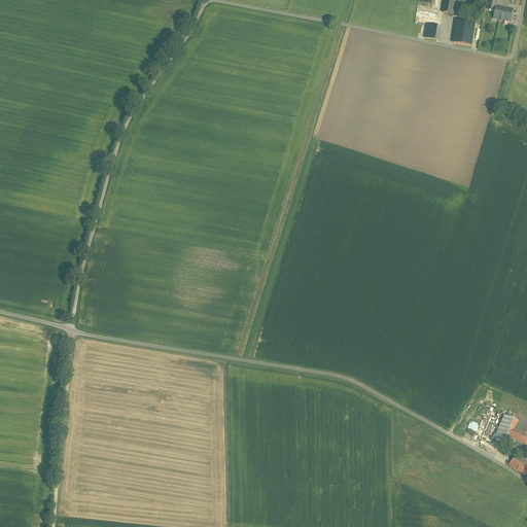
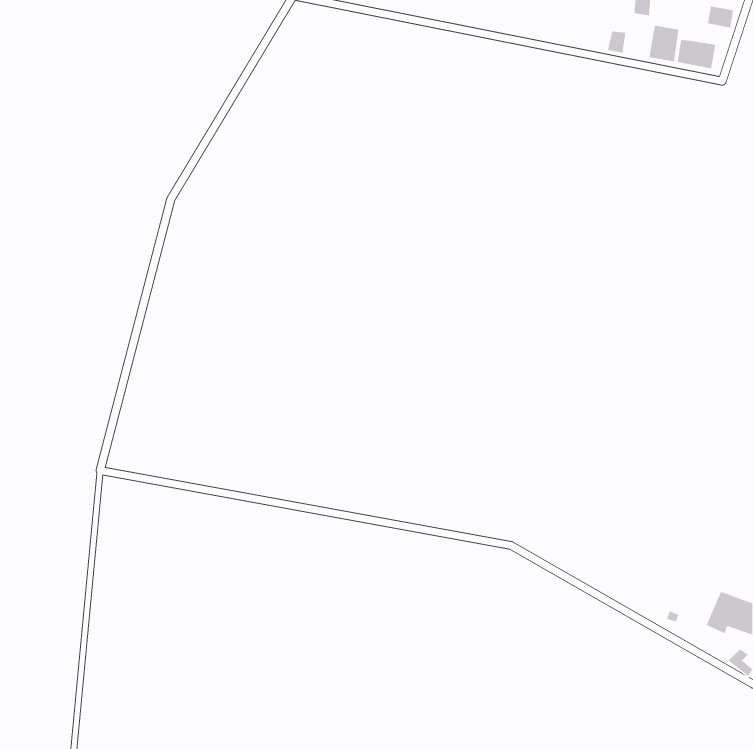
building: none -> [677,39,716,69]

